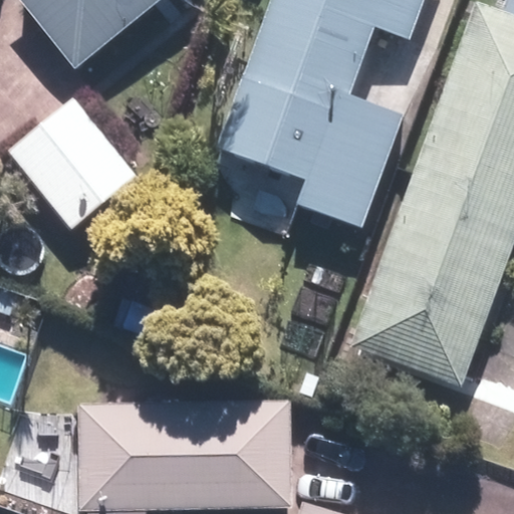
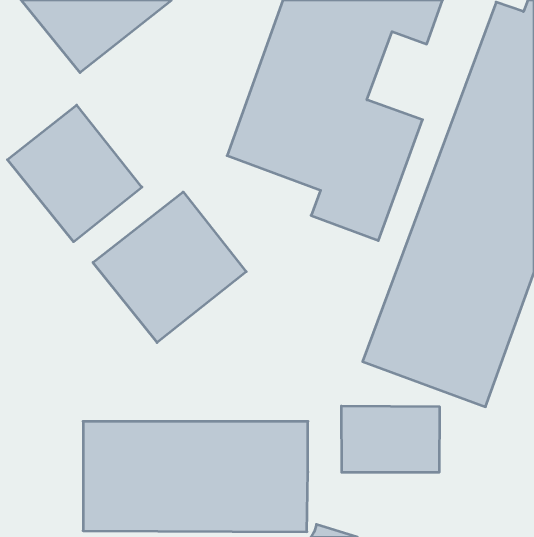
building: none -> [93,192,246,343]
building: none -> [341,406,439,472]

